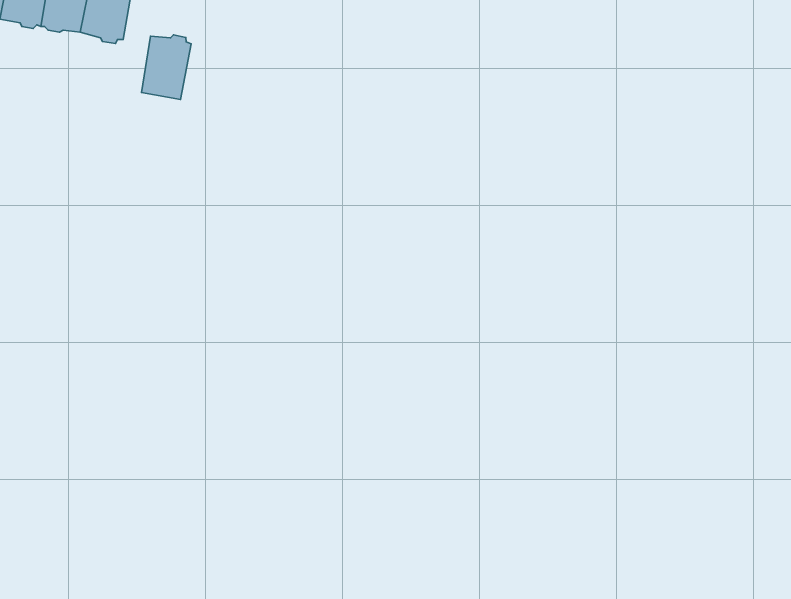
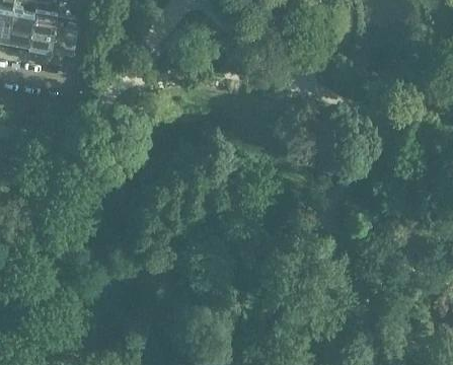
building: [141,35,191,100] -> none

